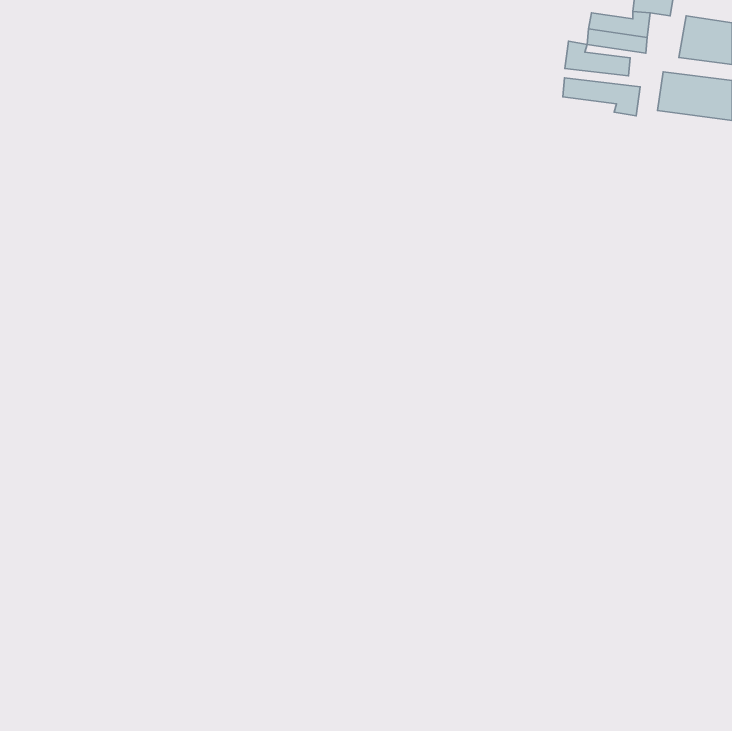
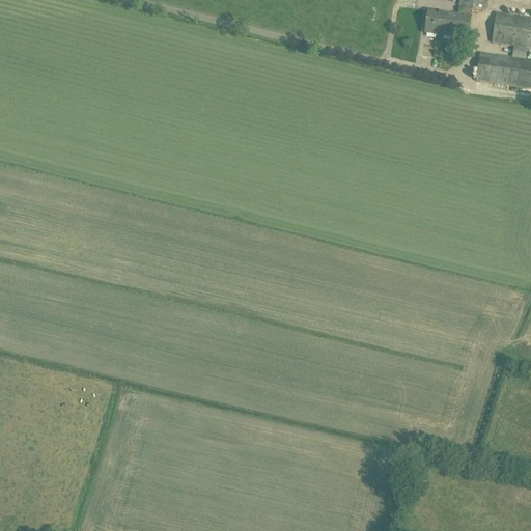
building: [565,41,630,76] -> none
building: [563,78,640,116] -> none

